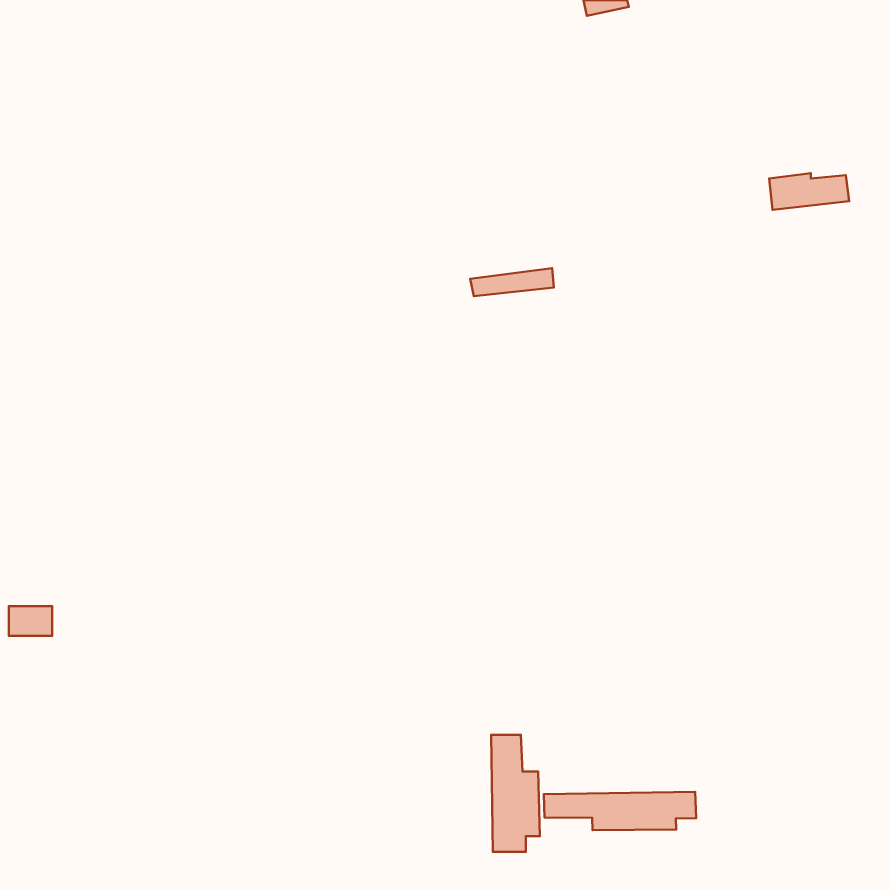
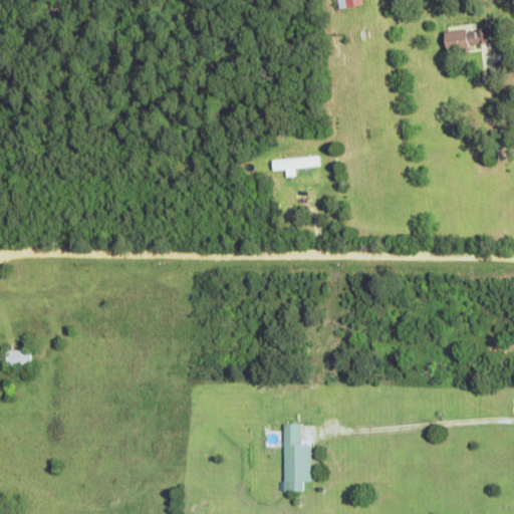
building: [769,173,849,210] -> [444,28,490,49]
building: [544,792,696,830] -> none

